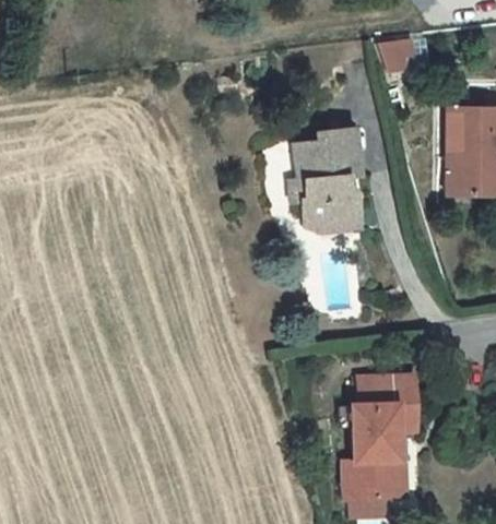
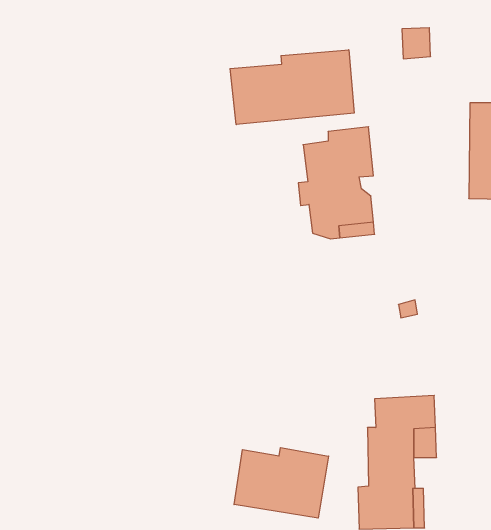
building: none -> [230,50,354,125]
building: none -> [234,448,329,518]

